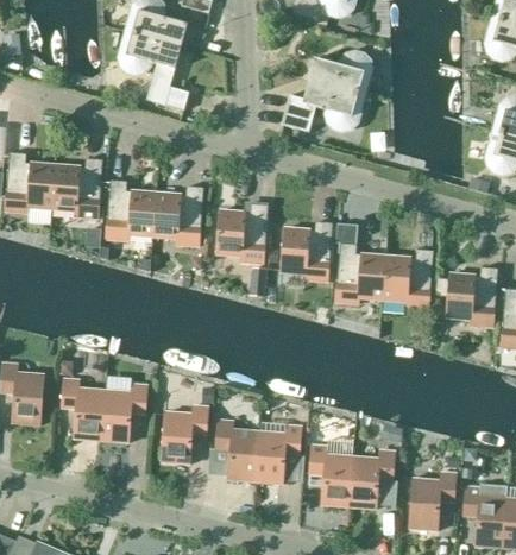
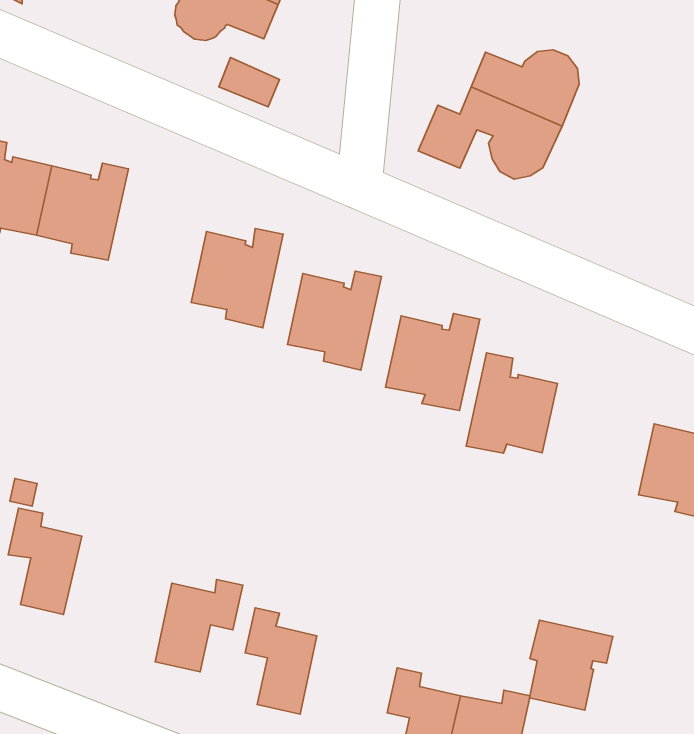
building: [106,179,157,240] -> none
building: [383,248,434,309] -> none
building: [101,383,147,442] -> none
building: none -> [530,620,613,710]
building: [256,424,302,484] -> none

